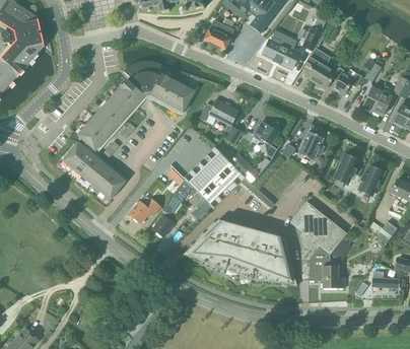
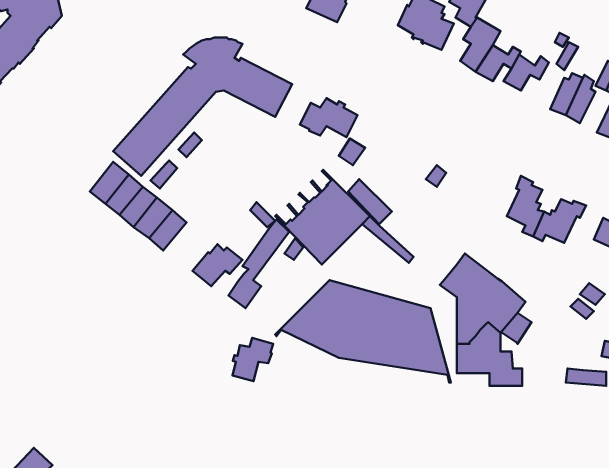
building: [253,121,278,158] -> none
building: [298,131,324,159] -> none
building: none -> [233,338,273,381]

